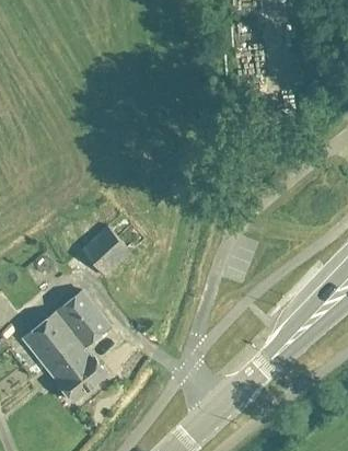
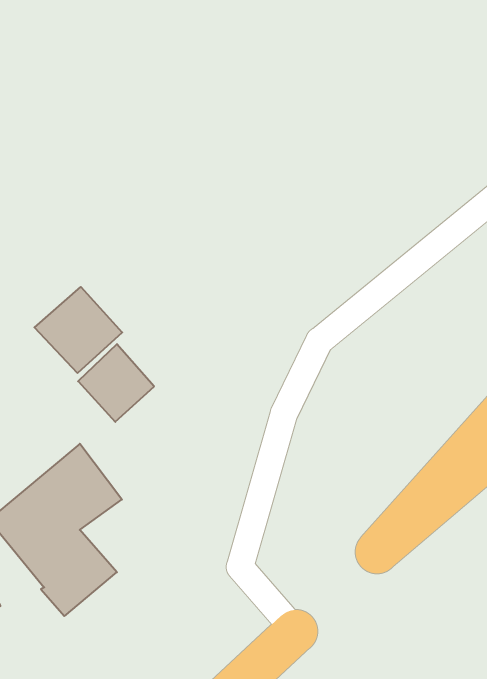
building: none -> [34,287,122,373]

